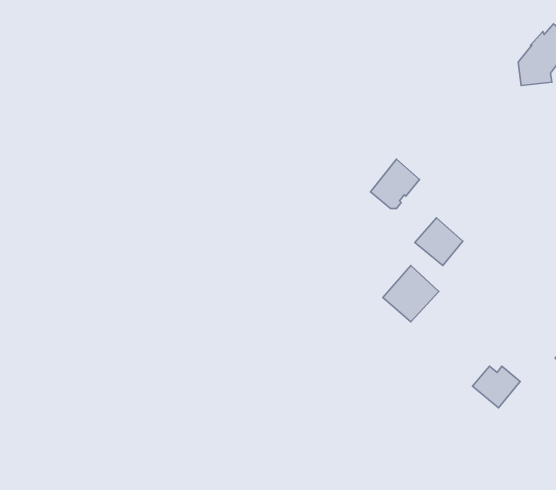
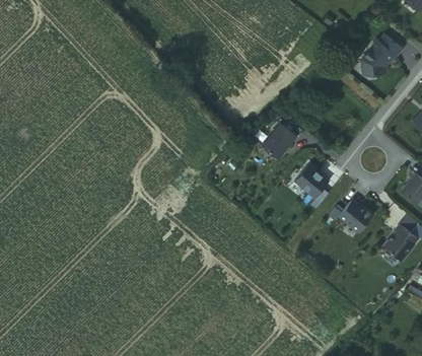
building: [383,266,439,322] -> none
building: [472,366,520,408] -> [337,201,368,228]

